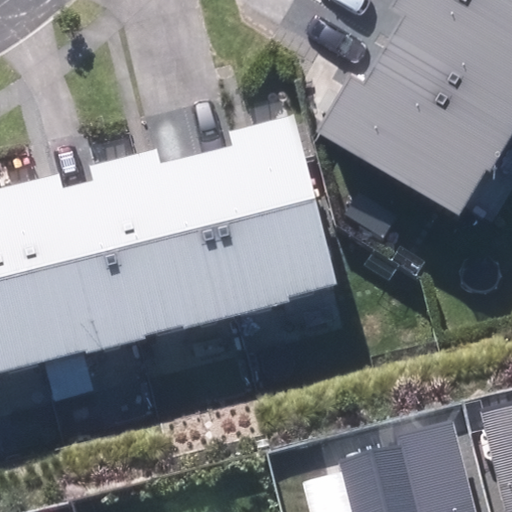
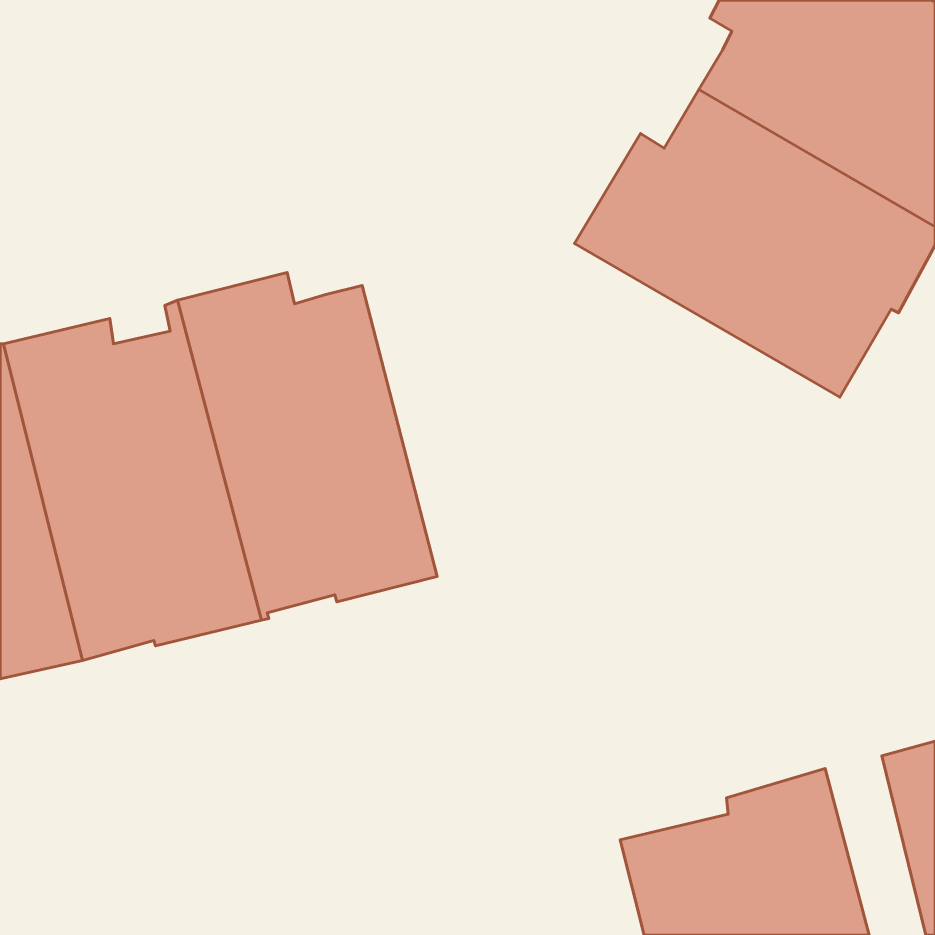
building: [198,115,339,315] -> none

